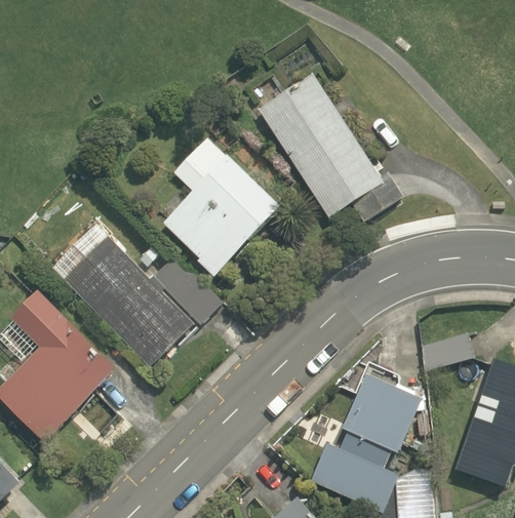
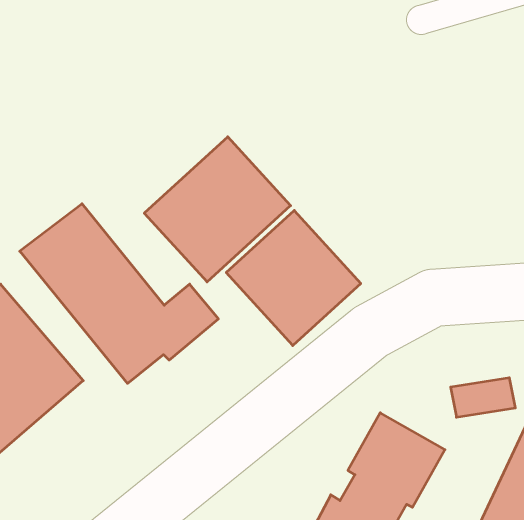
building: [258,73,402,227] -> none
building: none -> [226,210,361,346]

